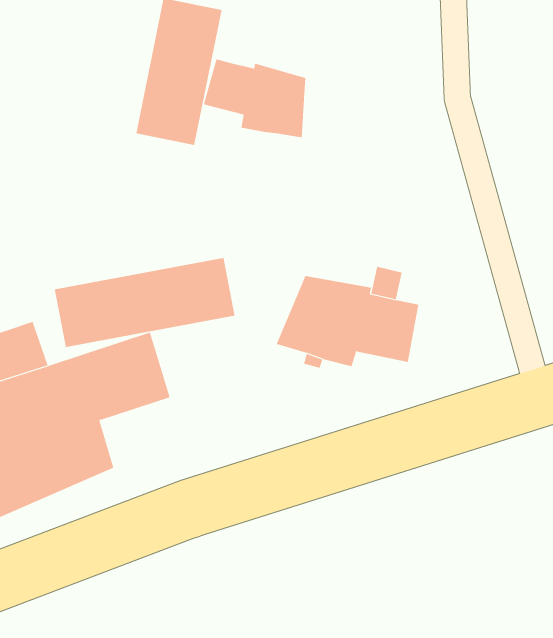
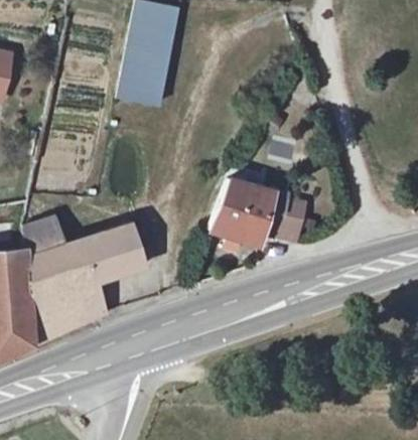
building: [203,58,306,138] -> none
building: [54,257,235,348] -> none

